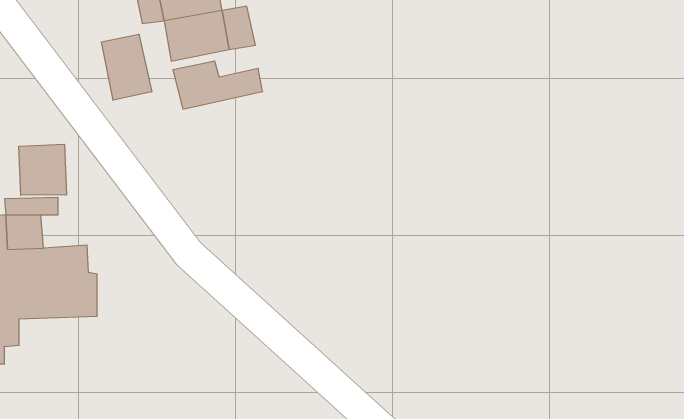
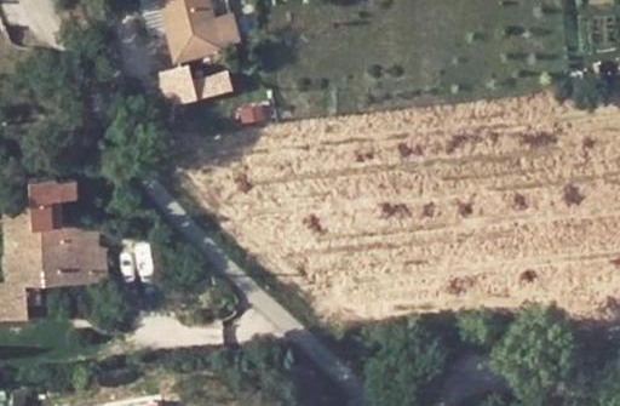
building: [102,34,152,100] -> none
building: [19,144,66,195] -> none

